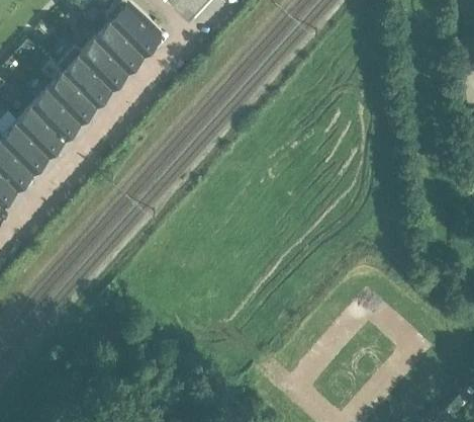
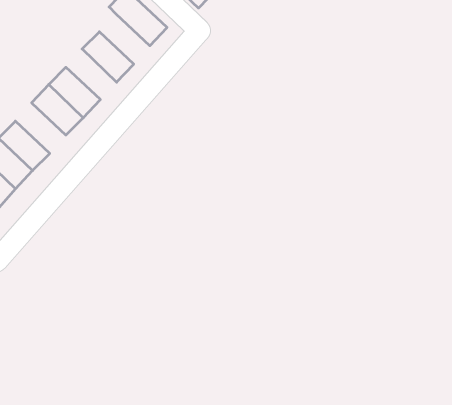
building: [97,23,145,71] -> none
building: [59,51,113,104] -> none
building: [18,107,66,155] -> none

